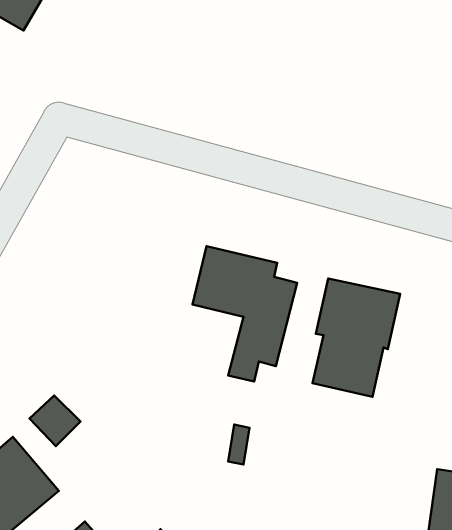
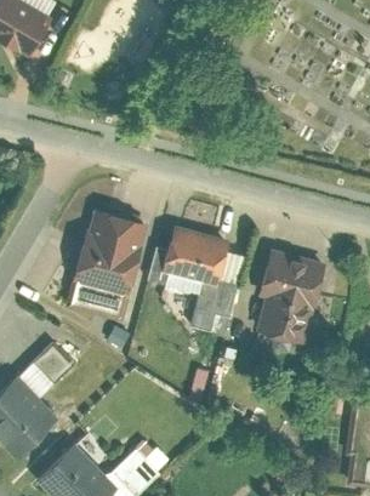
building: none -> [68,211,146,320]

